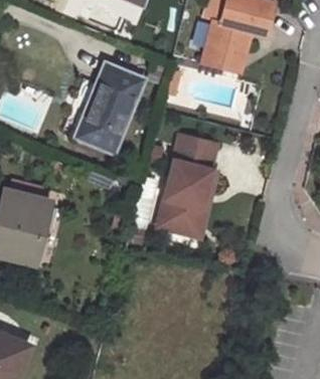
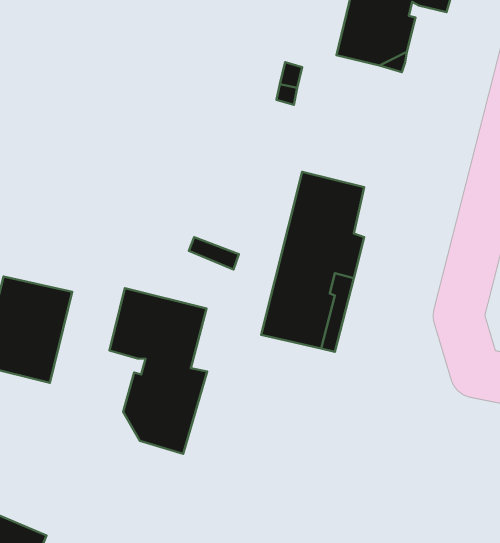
building: [77,64,144,151] -> none
building: none -> [110,288,207,454]

